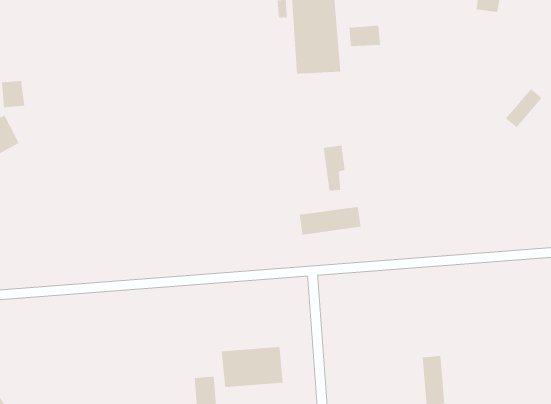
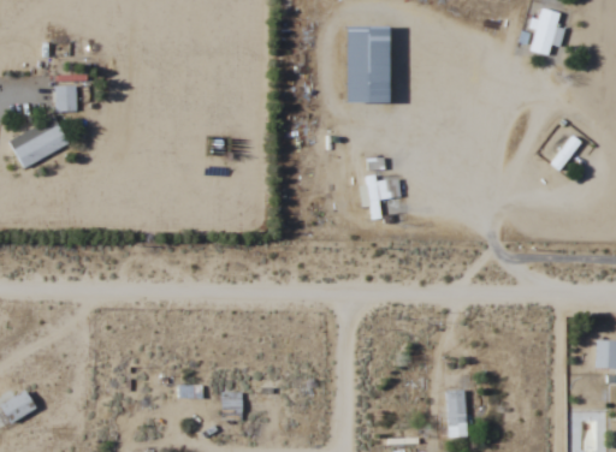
building: [349,25,380,47] -> none
building: [299,206,361,235] -> none
building: [221,346,283,388] -> none

